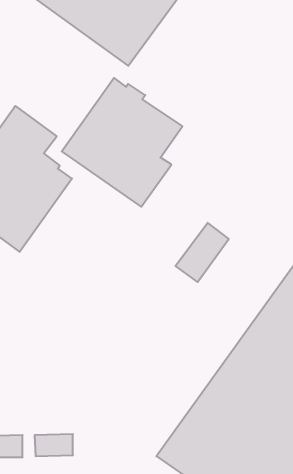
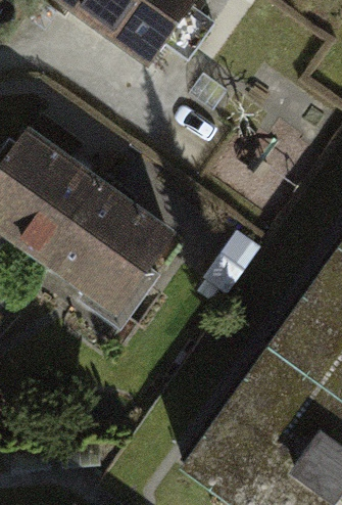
building: [62,78,182,207] -> [44,185,166,316]

